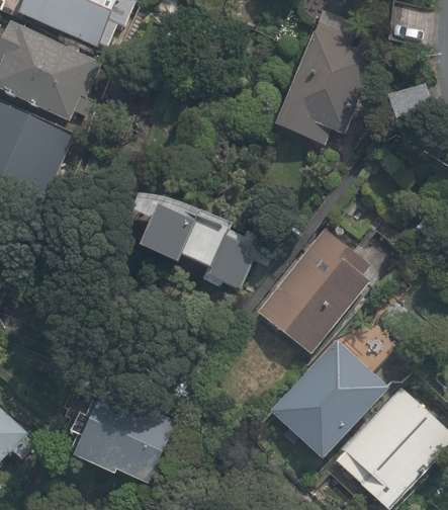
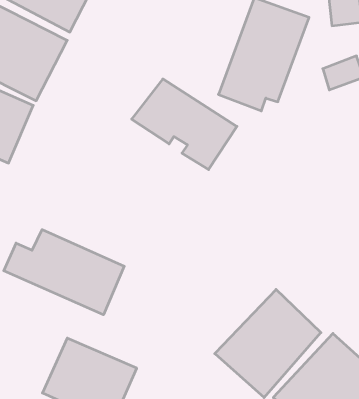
building: [148,201,264,302] -> [132,79,237,170]
building: [253,227,368,354] -> none
building: none -> [4,230,124,315]

